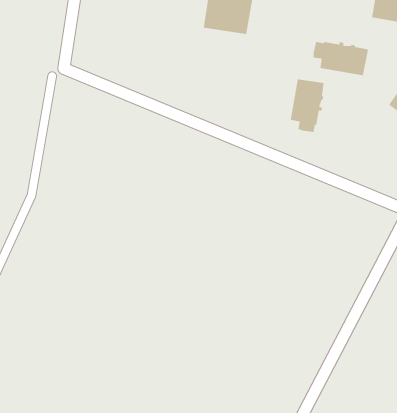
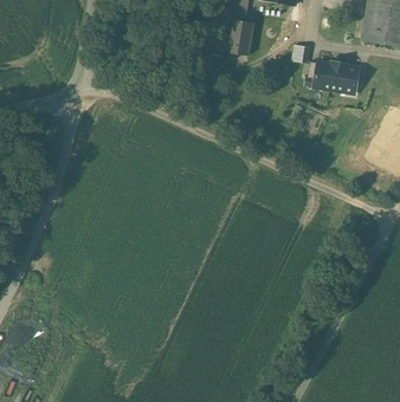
building: [290,78,325,133] -> none

